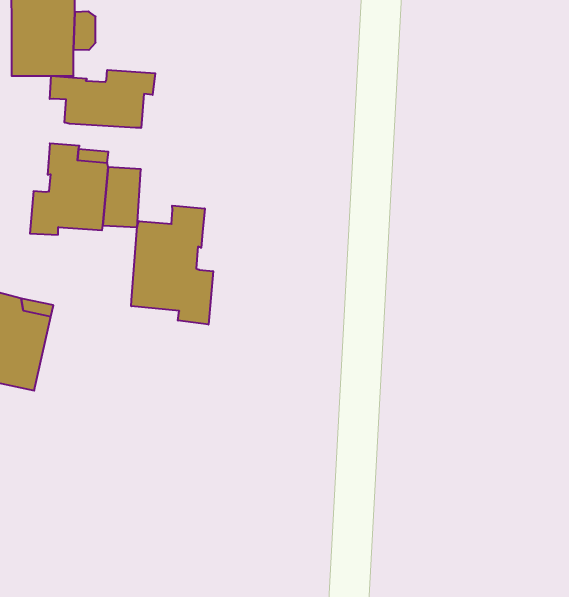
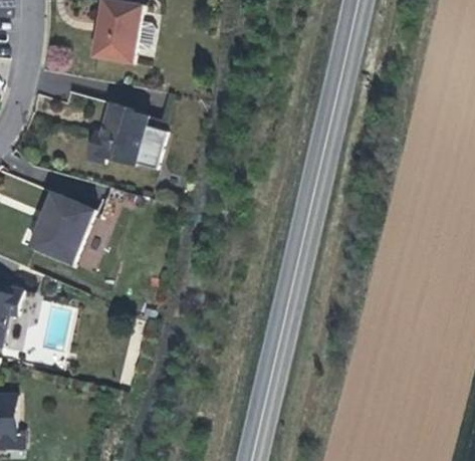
building: [50,70,155,128] -> none
building: [131,206,213,325] -> none

